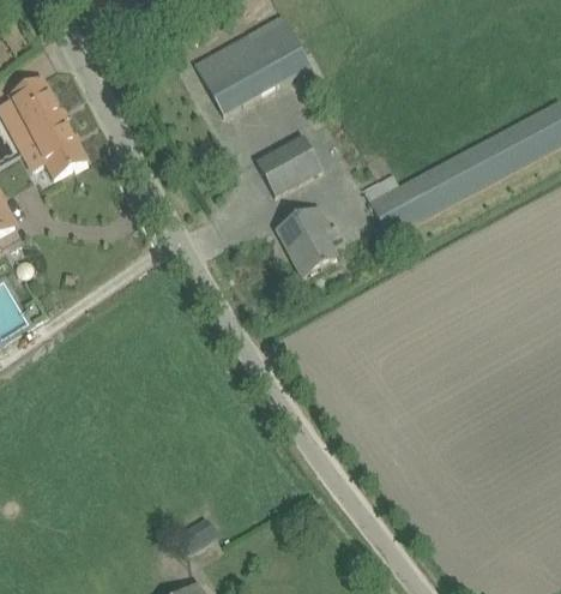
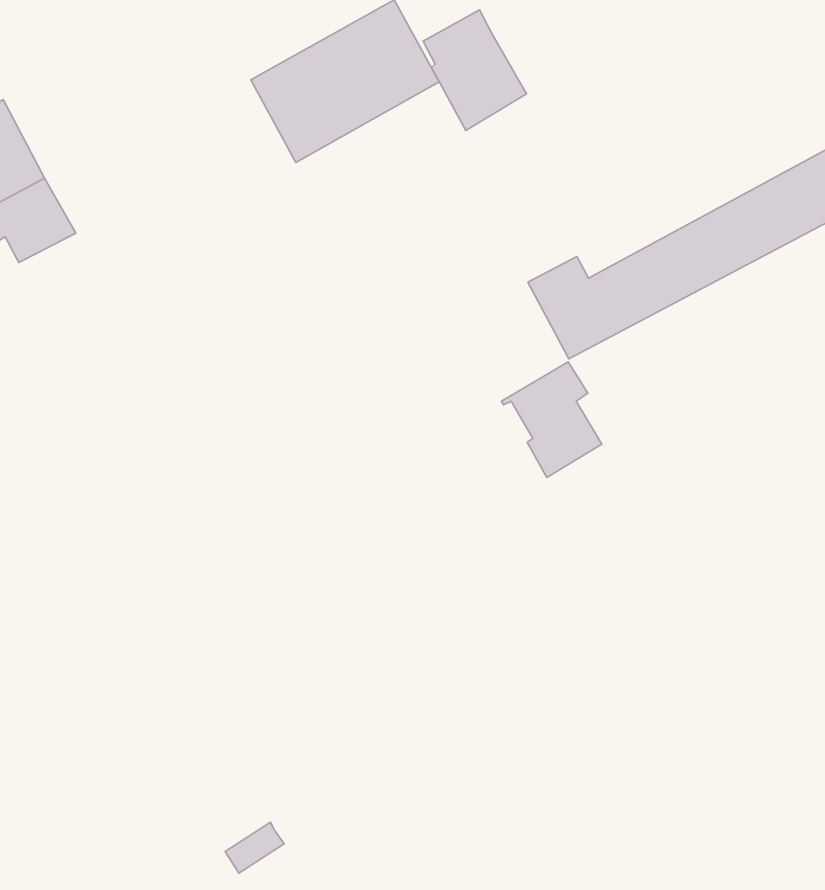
building: none -> [423,10,527,130]
building: [255,134,322,196] -> none
building: [276,205,337,276] -> [502,362,602,478]

